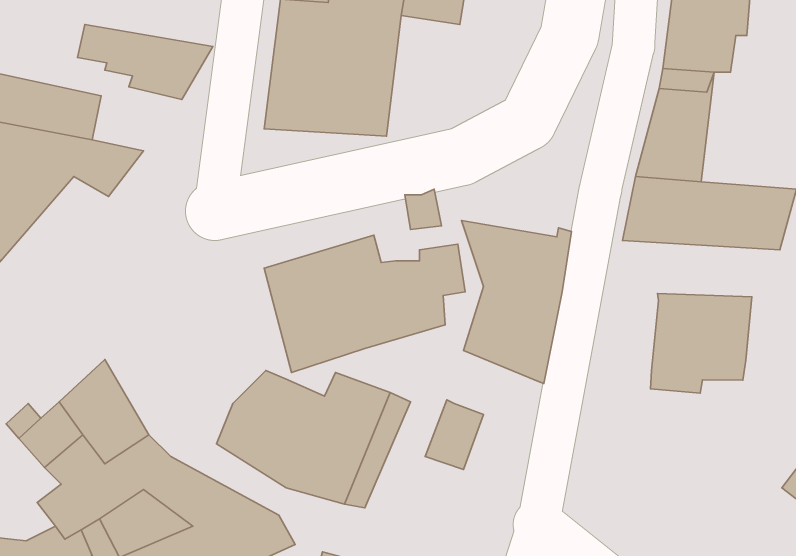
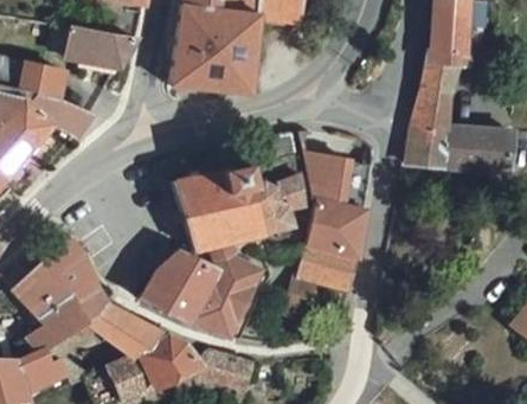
building: [650,294,752,393] -> none
building: none -> [296,236,351,286]

